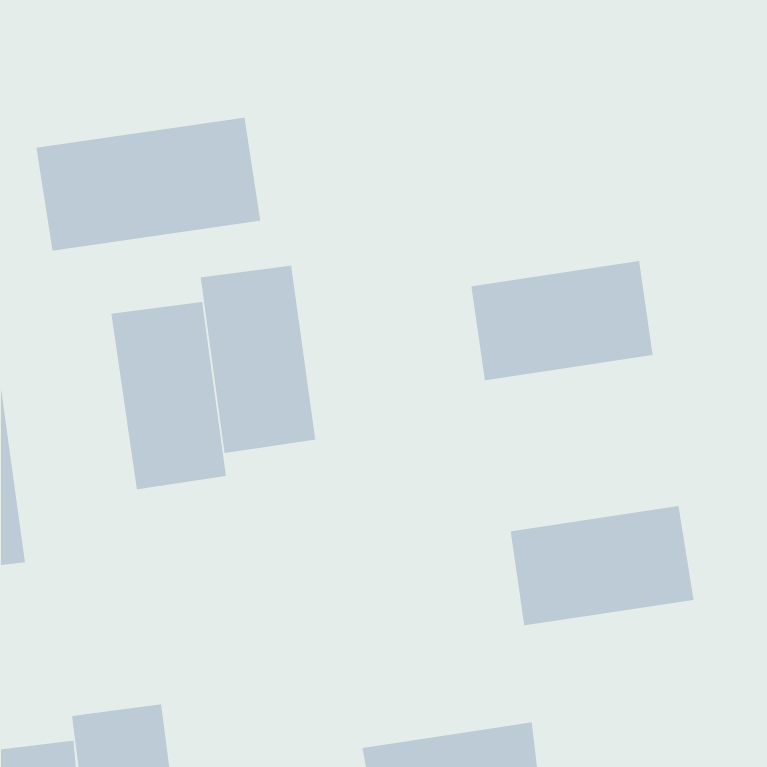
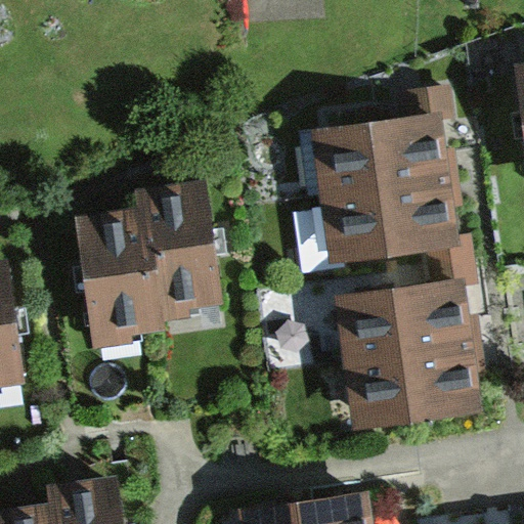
building: [36,117,261,252] -> none
building: none -> [312,115,437,196]
building: none -> [339,280,464,362]

